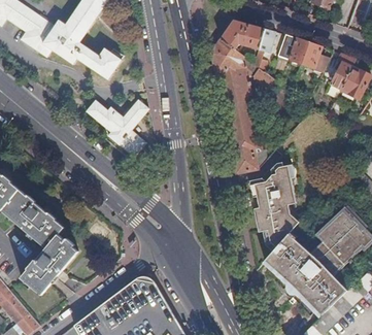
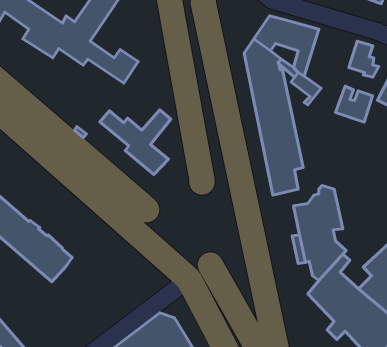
building: [276,34,308,65] -> [335,86,373,122]
building: [22,235,78,295] -> none

